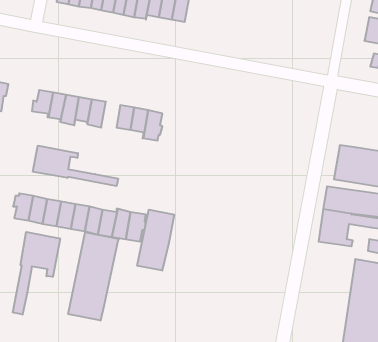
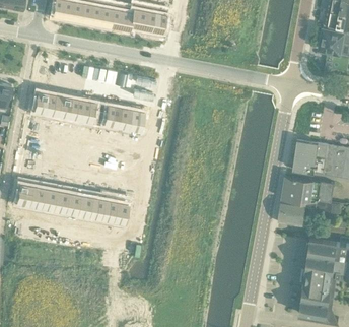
building: [33,146,118,186] -> none
building: [137,210,174,271] -> none
building: [13,232,60,315] -> none
building: [68,232,119,321] -> none

